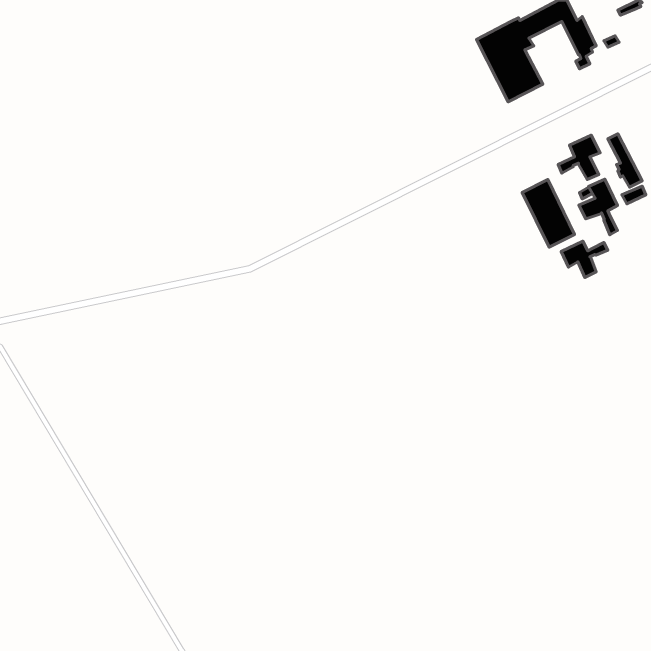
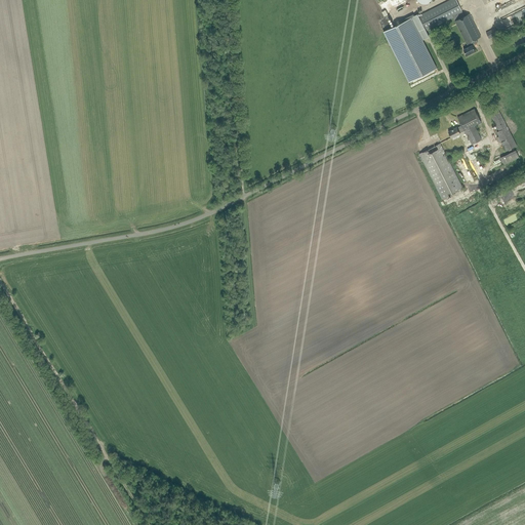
building: [579,179,618,235] -> none
building: [561,241,608,278] -> none

